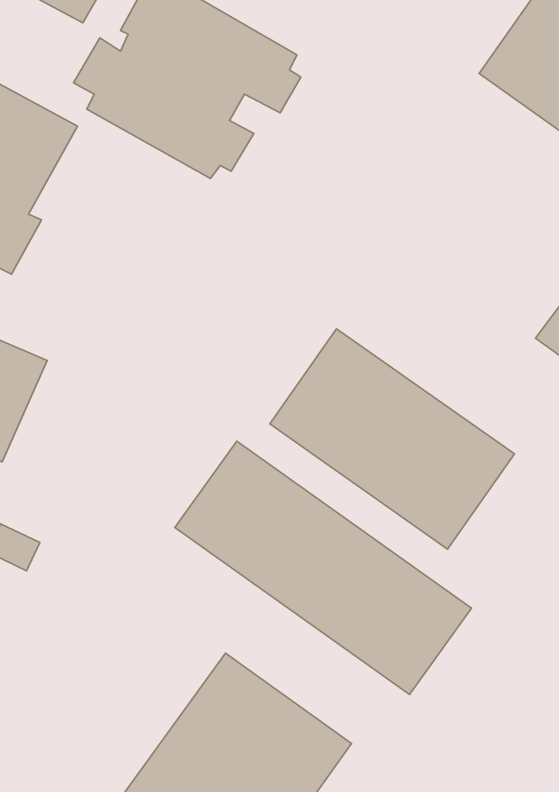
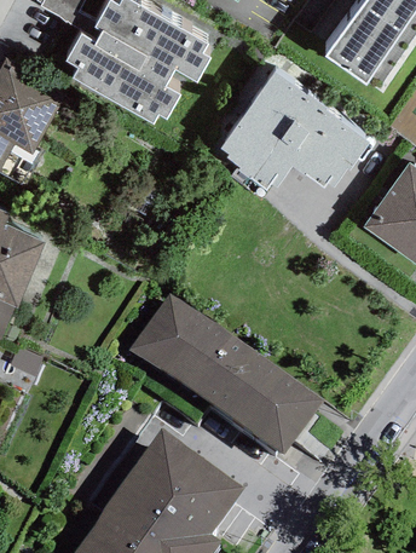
building: none -> [220,69,369,189]
building: [270,329,514,549] -> none

